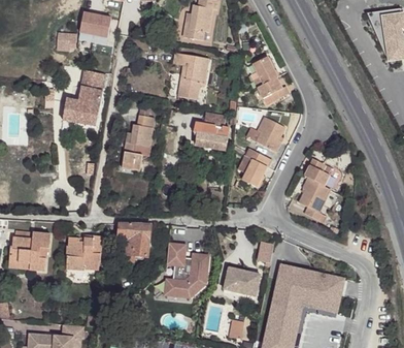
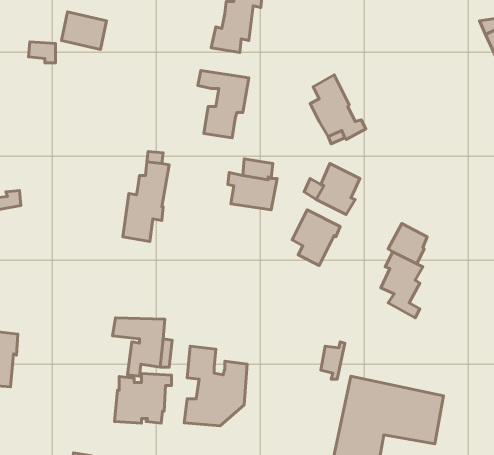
building: [63,70,103,126] -> none
building: [65,235,104,270] -> [115,374,172,423]
building: [223,267,260,296] -> none

